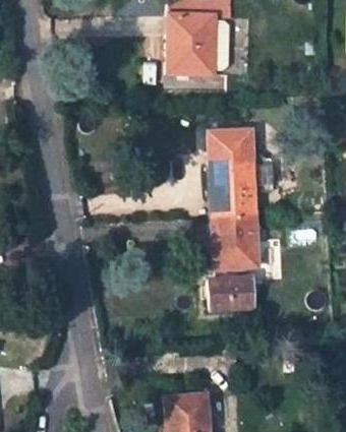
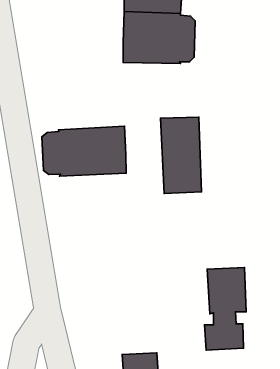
building: none -> [42,126,126,176]
building: [210,217,256,309] -> [204,267,246,350]

